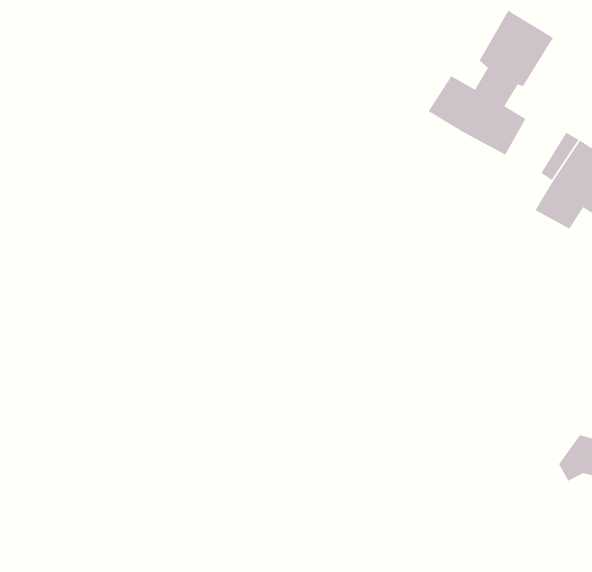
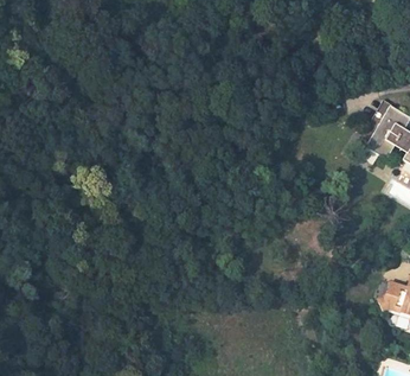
building: [428,10,554,155] -> none

